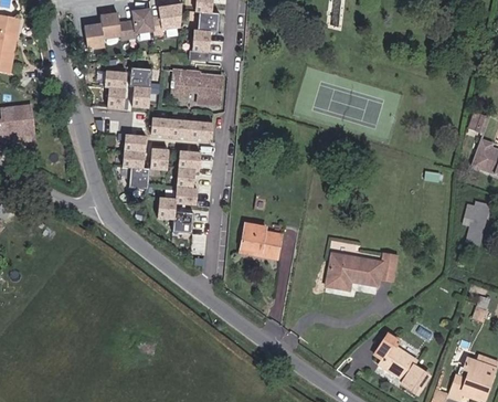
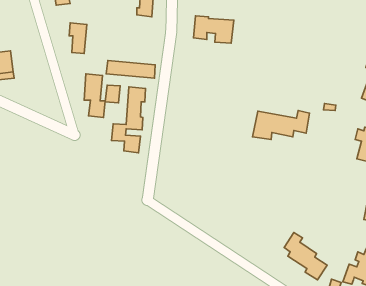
building: [128,66,151,108] -> none
building: [171,70,222,104] -> [194,16,234,43]
building: [241,223,280,257] -> none
building: [326,252,398,288] -> [253,110,310,139]

